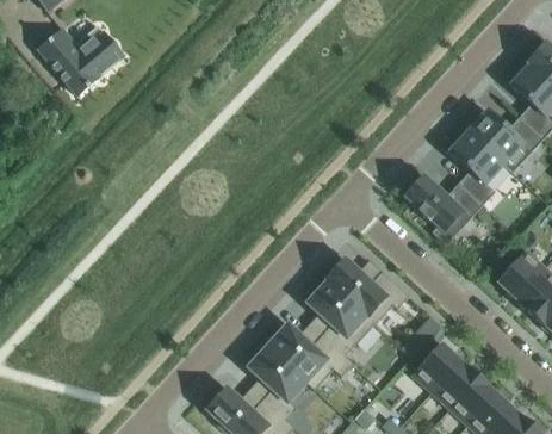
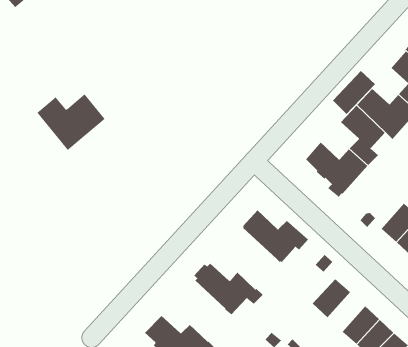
building: [39,25,124,95] -> [36,94,105,151]
building: none -> [332,70,376,115]
building: [309,281,374,356] -> none
building: [249,346,306,421] -> none
building: [433,360,479,409] -> none

